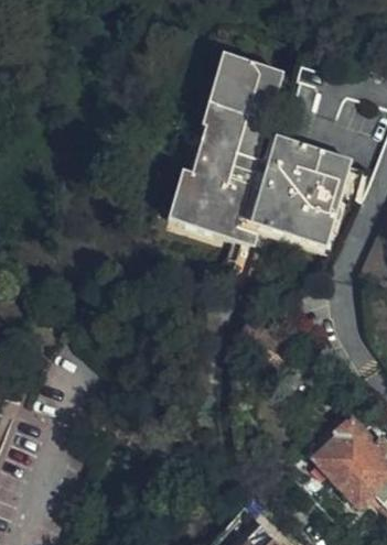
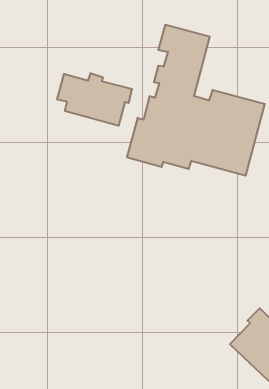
building: none -> [57,73,132,126]

